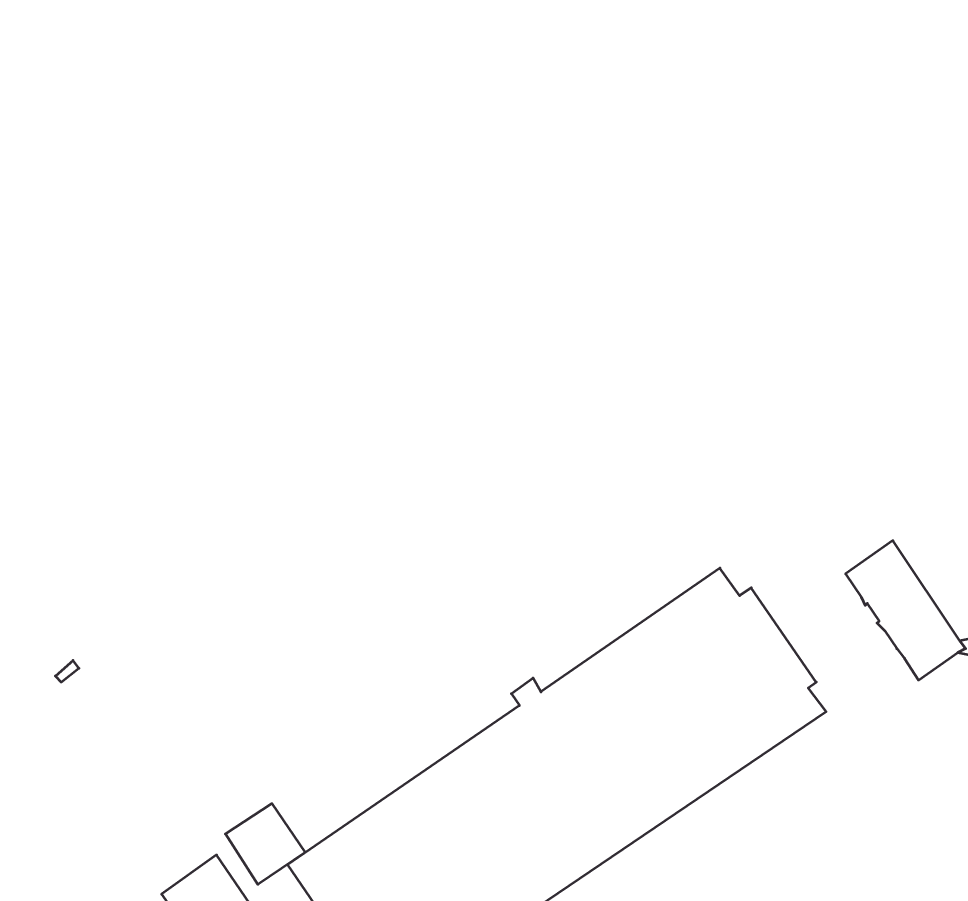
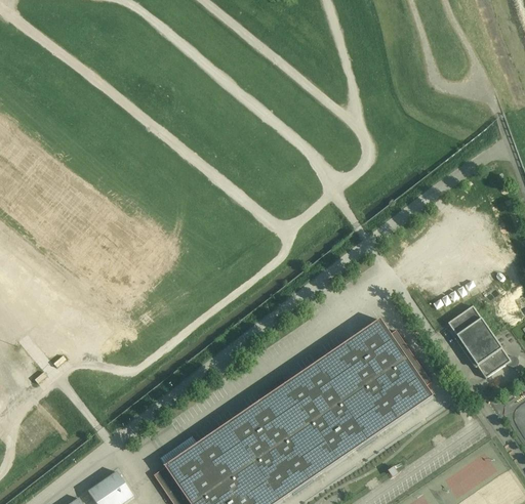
building: [225,804,305,884] -> none

